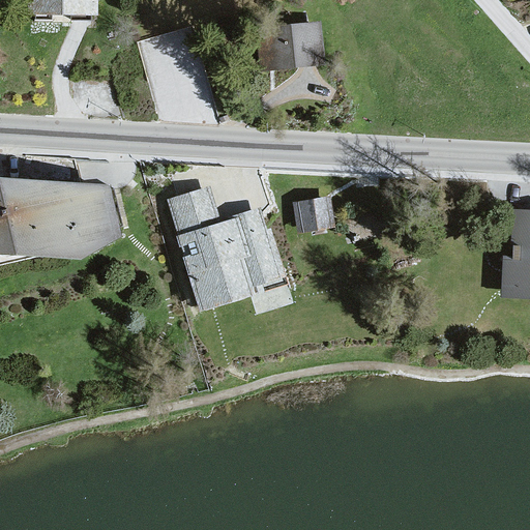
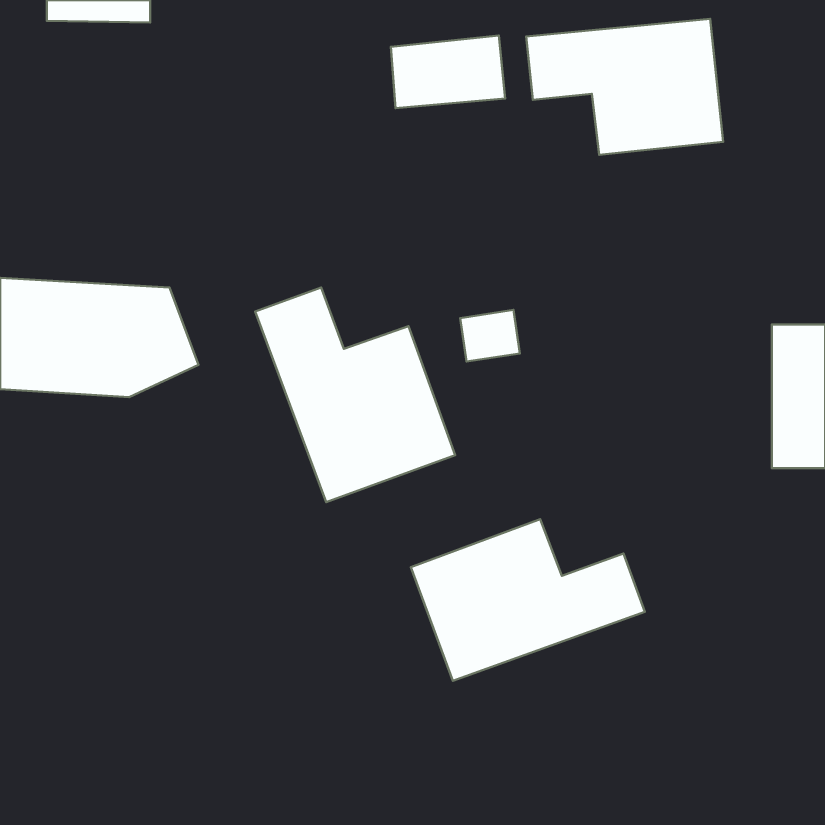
building: none -> [526,19,723,155]
building: none -> [411,519,645,681]

